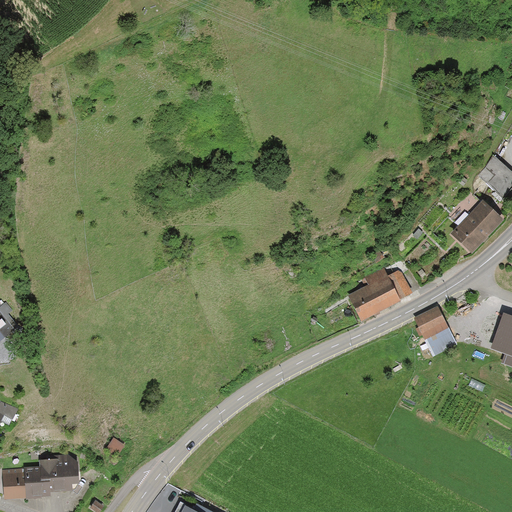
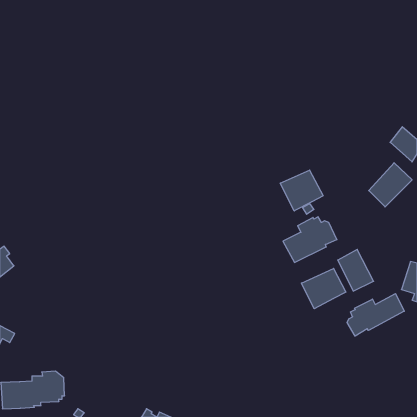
building: none -> [280,170,323,211]
building: none -> [301,268,346,309]
building: none -> [347,294,404,336]

